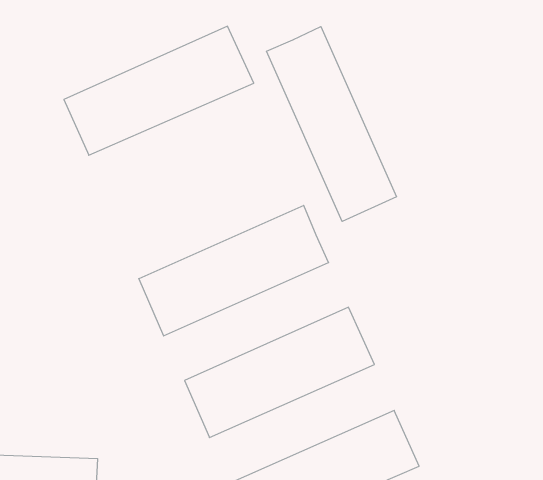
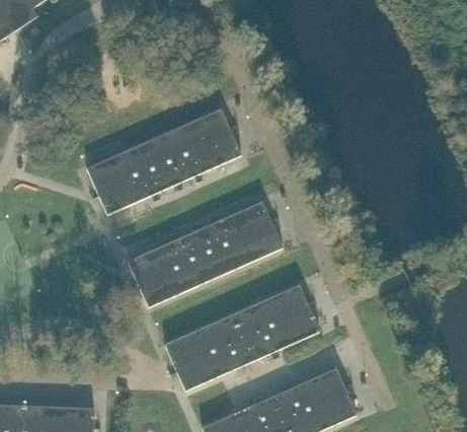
building: [64,26,254,155] -> [86,109,241,214]
building: [267,27,397,221] -> none

